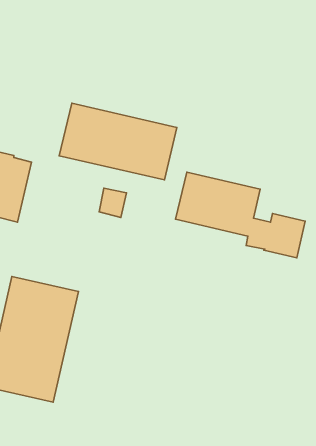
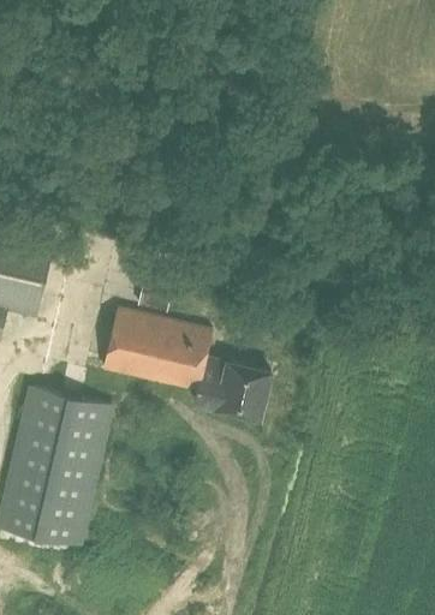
building: [59,103,177,180] -> none
building: [176,172,305,258] -> [105,309,270,418]

